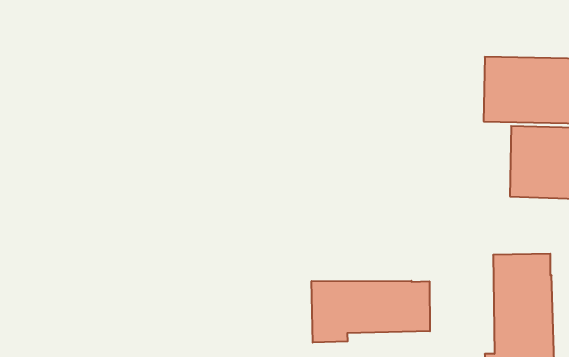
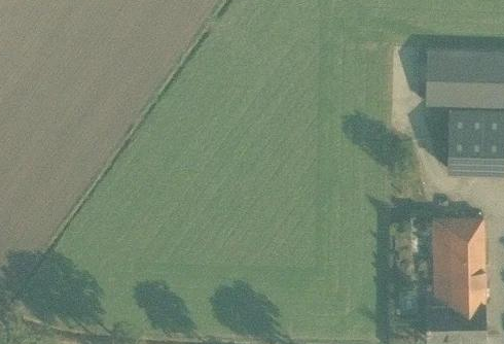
building: [312,281,430,343] -> none

